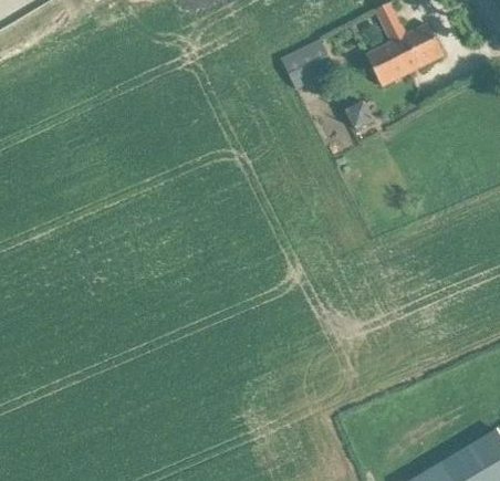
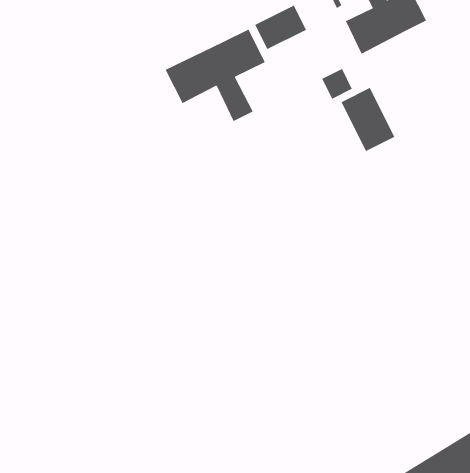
building: none -> [164,29,266,122]
building: none -> [340,87,395,152]

